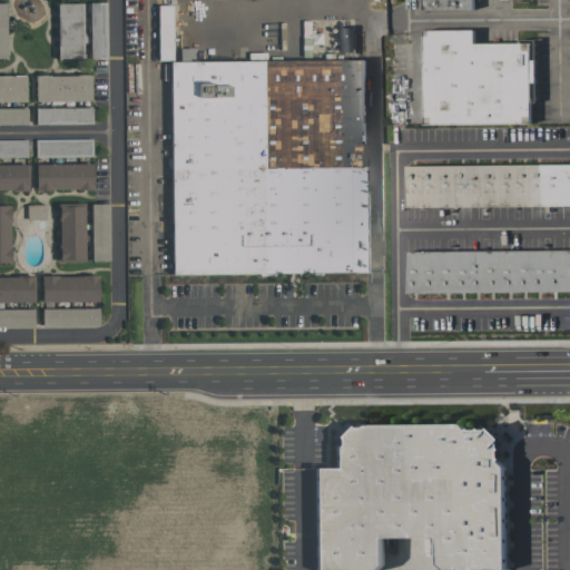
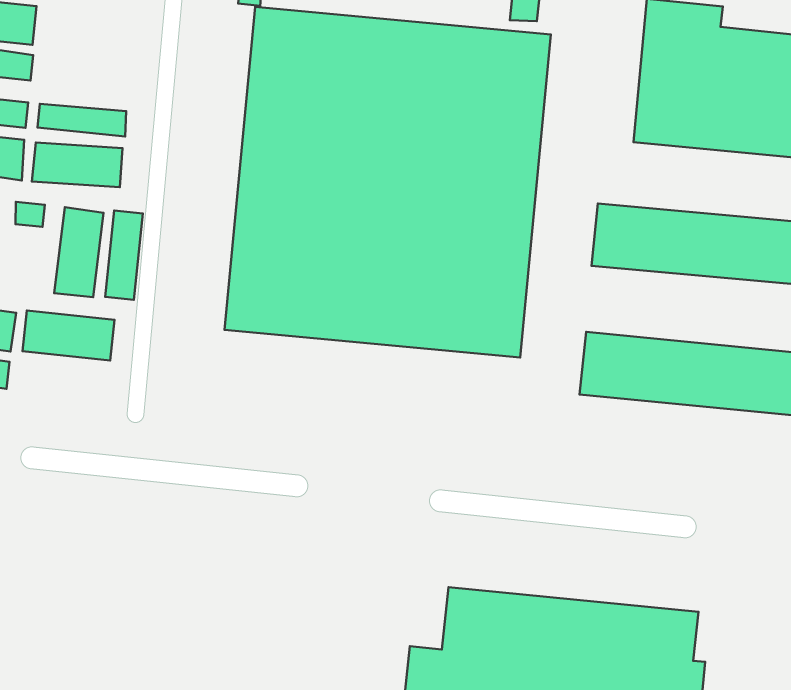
building: [37,76,92,102] -> none
building: [37,108,94,126] -> none
building: [43,309,100,328] -> none

